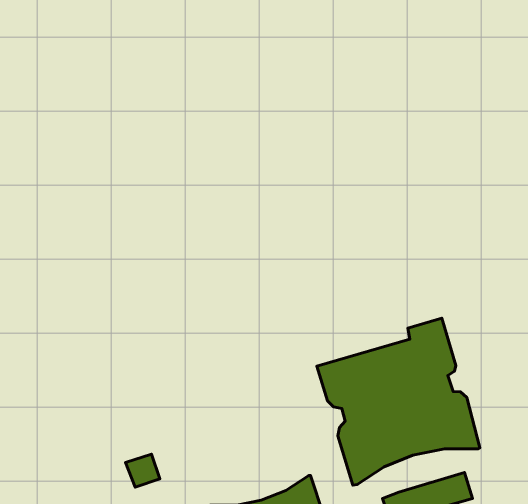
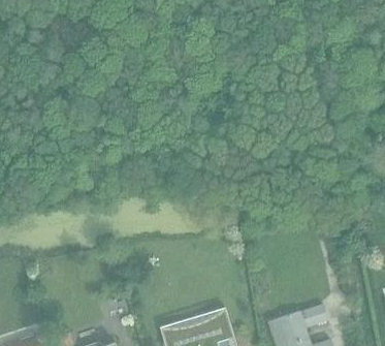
building: [317,318,480,485] -> none

